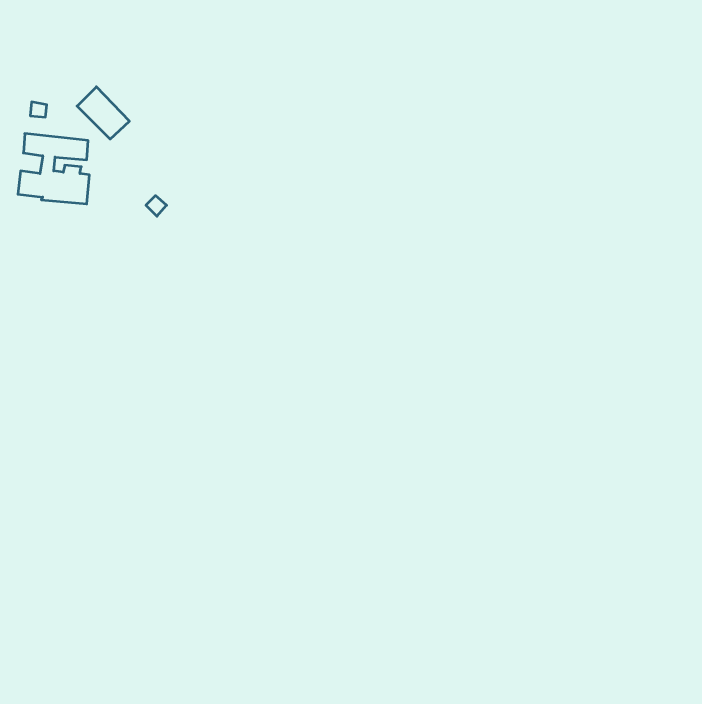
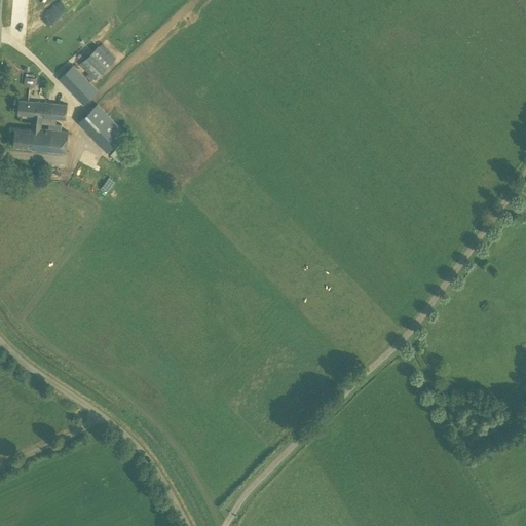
building: none -> [78,45,112,79]
building: none -> [76,103,125,152]

